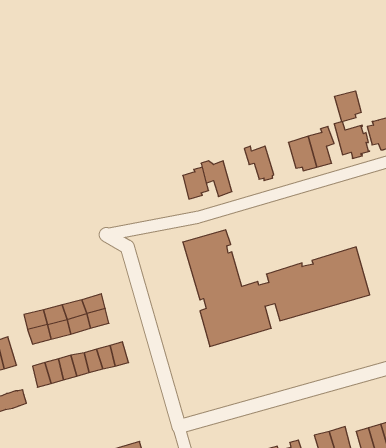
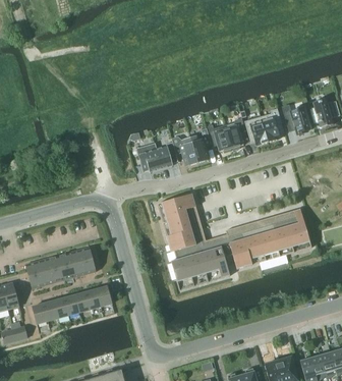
building: [335,91,361,122] -> none
building: none -> [224,118,247,150]
building: none -> [189,128,211,162]
building: none -> [135,143,161,172]

